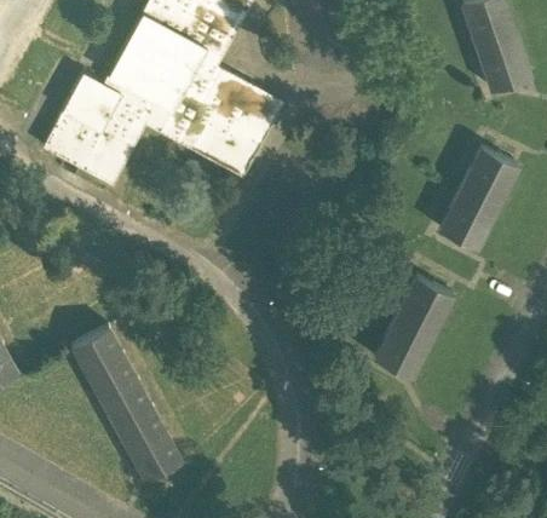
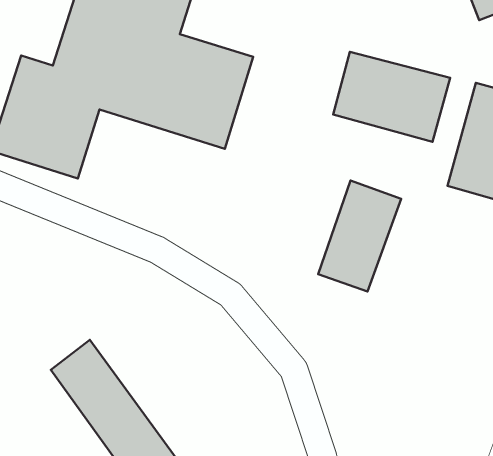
building: none -> [333,52,450,142]
building: [375,274,456,373] -> [318,180,401,292]

